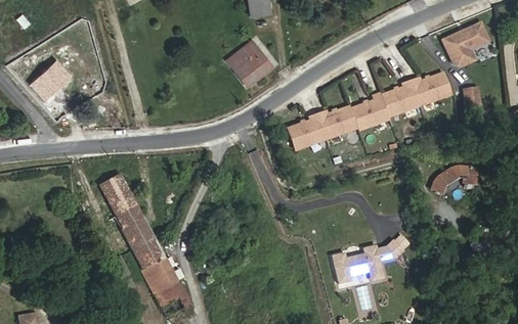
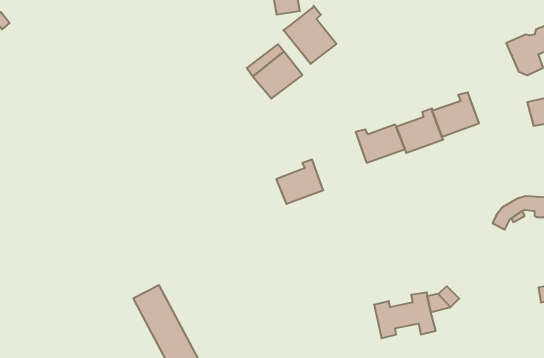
building: none -> [283,6,336,64]
building: [32,60,71,98] -> none
building: [411,73,451,105] -> none
building: [288,112,327,149] -> [276,159,323,204]
building: [100,174,155,250] -> none

